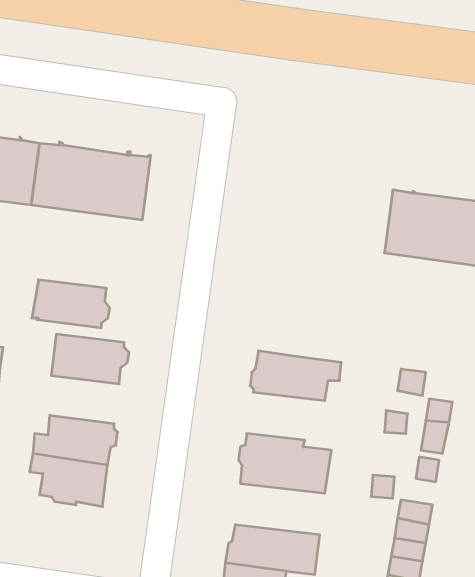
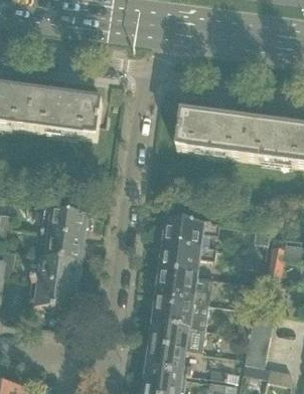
building: none -> [176,108,249,155]
building: [32,280,110,328] -> [37,229,85,258]
building: none -> [158,239,214,268]
building: none -> [152,294,207,326]

